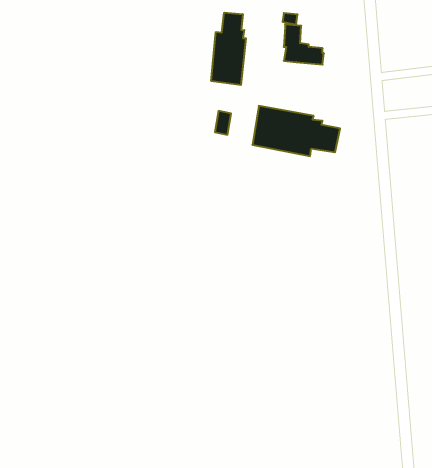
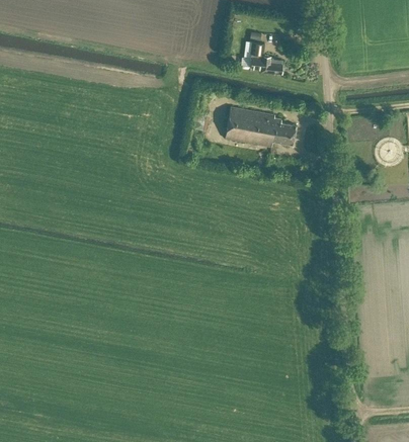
building: [211,13,246,85] -> none

